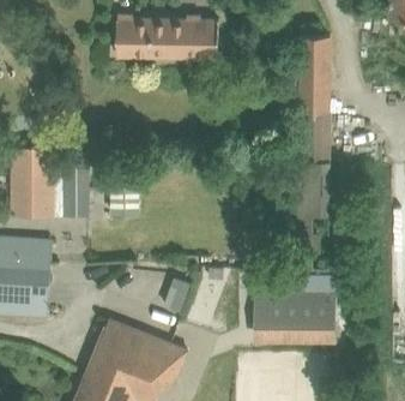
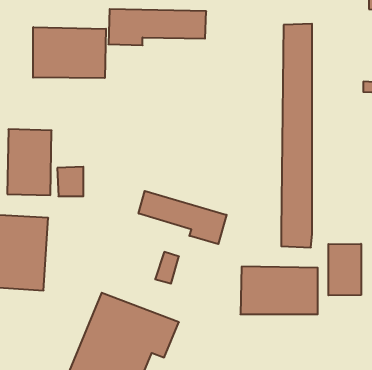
building: none -> [33,27,106,78]
building: none -> [139,191,227,244]
building: none -> [328,244,361,295]

